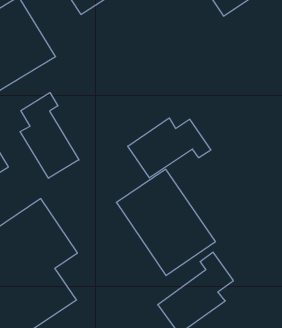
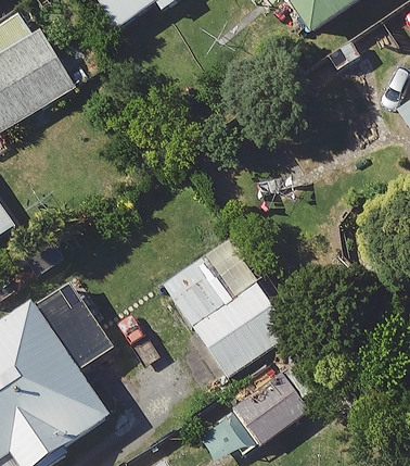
building: [20,93,79,178] -> none
building: [128,118,211,178] -> none

